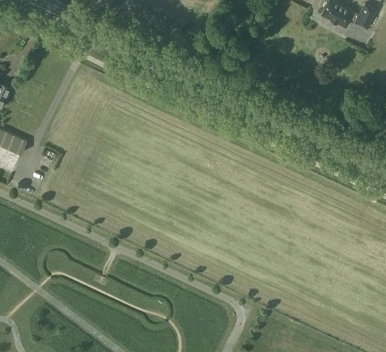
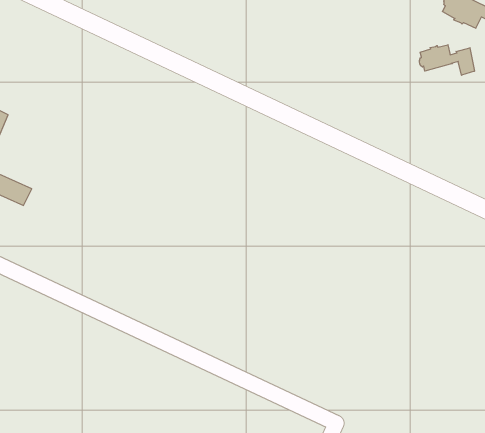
building: none -> [419,45,474,75]

